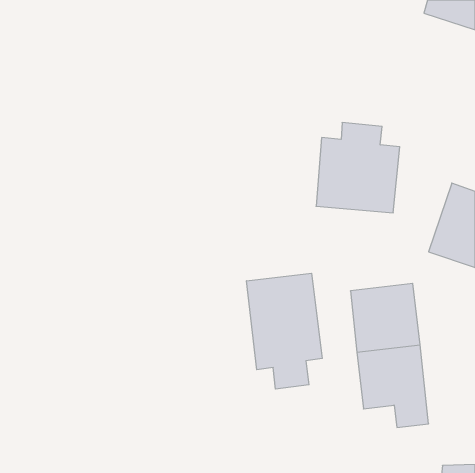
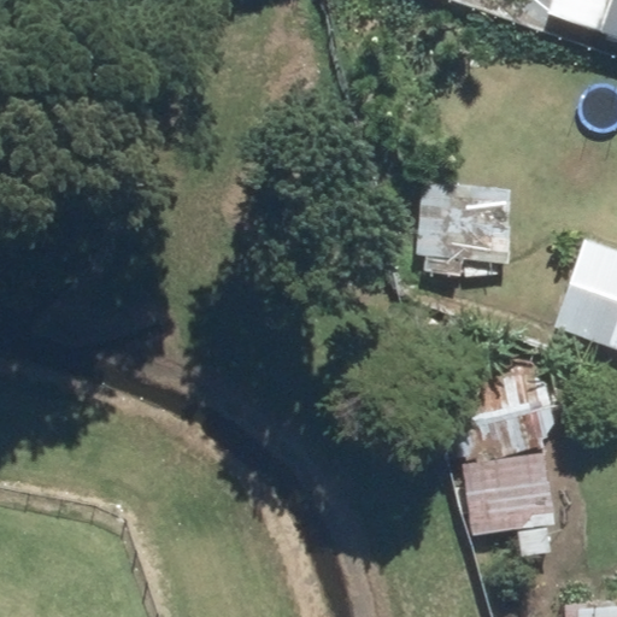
building: [247,273,322,389] -> none

